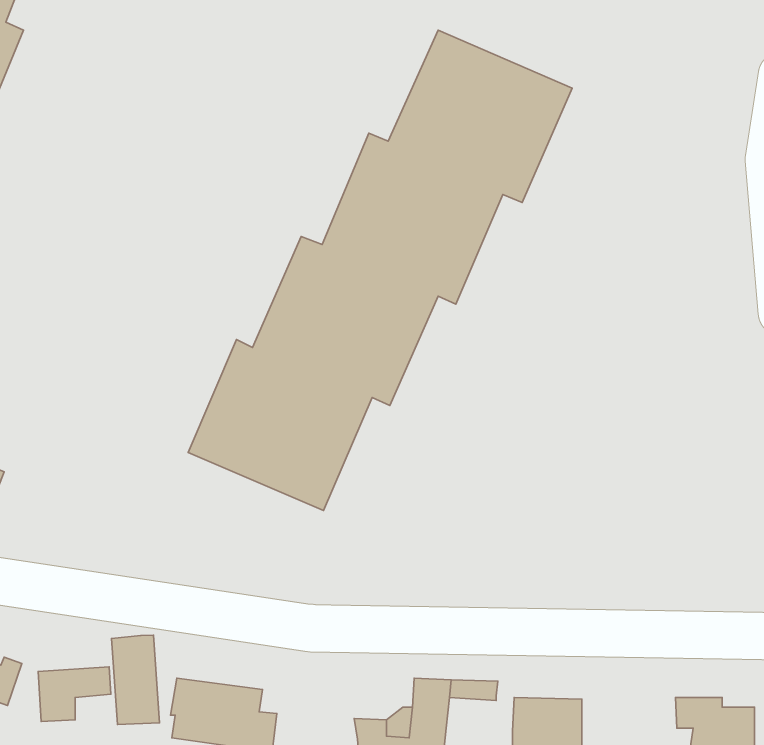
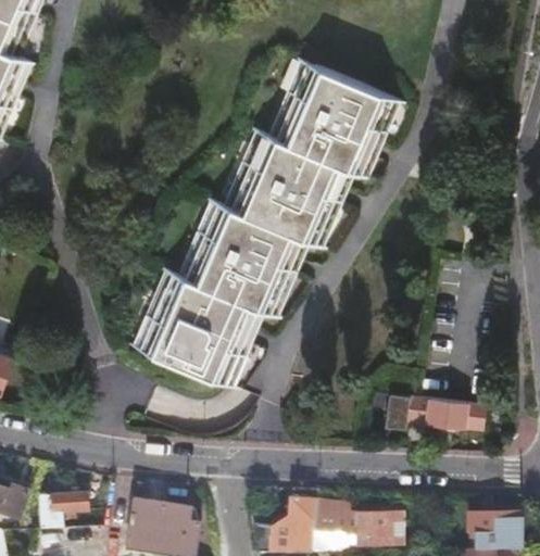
building: none -> [395,394,486,429]
building: [112,635,159,724] -> none
building: none -> [313,510,359,534]

